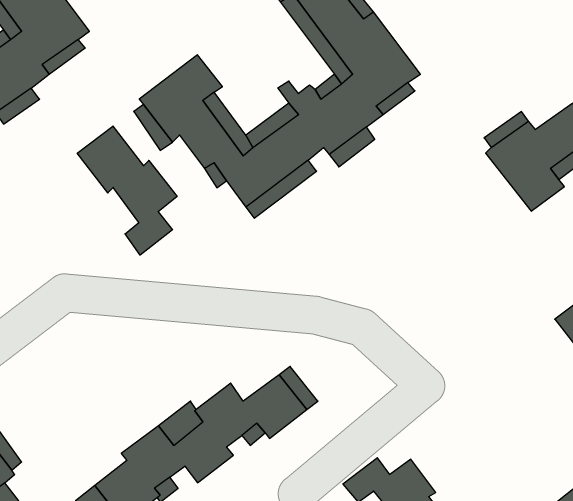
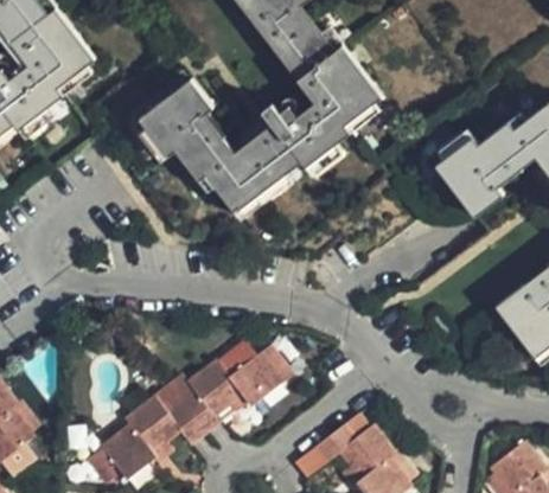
building: [77,126,177,255] -> none

